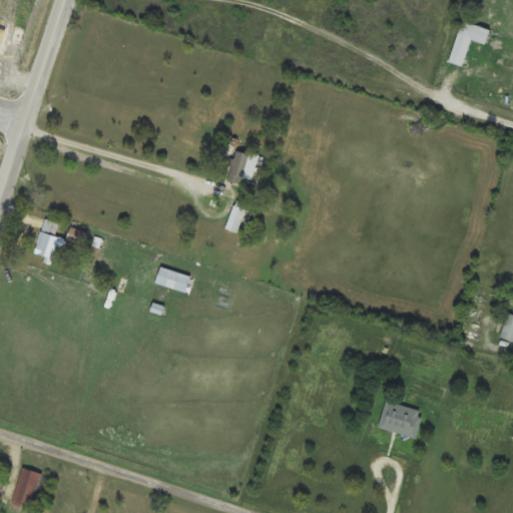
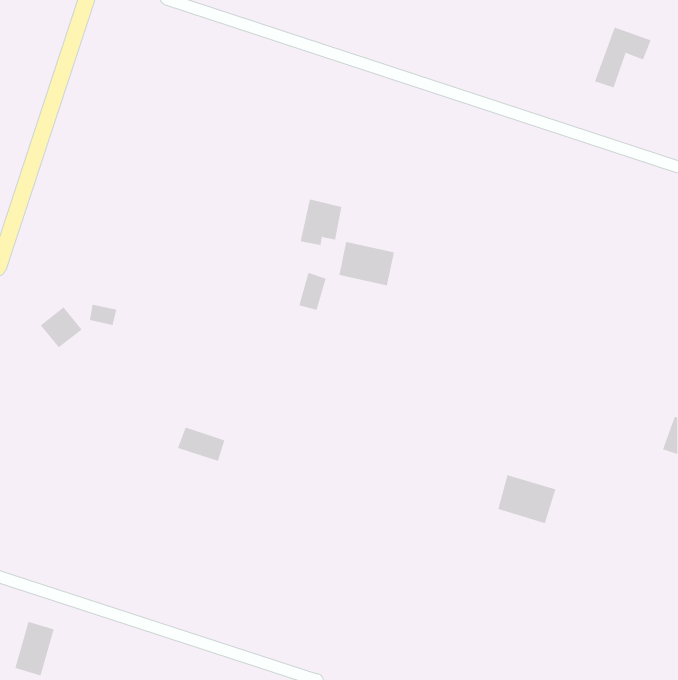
building: none -> [339,241,394,286]
building: [154,267,190,293] -> [177,427,225,462]
building: [378,401,422,438] -> [498,474,556,524]

